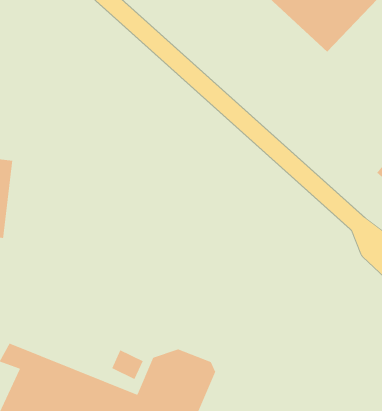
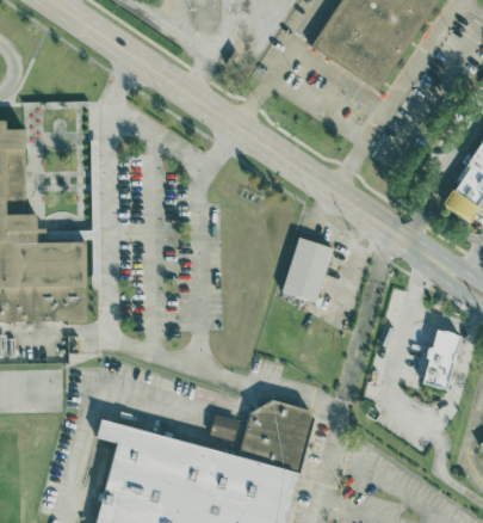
building: none -> [279,236,333,302]
building: none -> [421,327,460,389]

